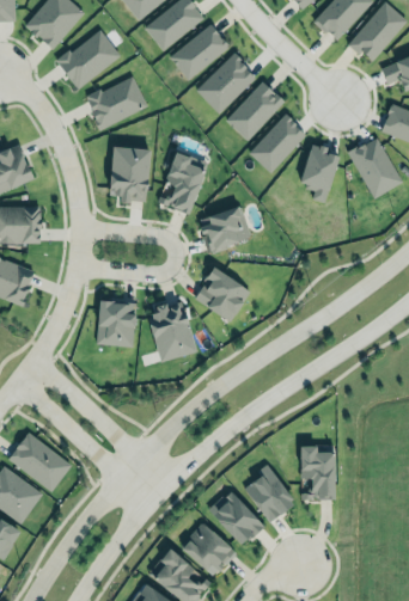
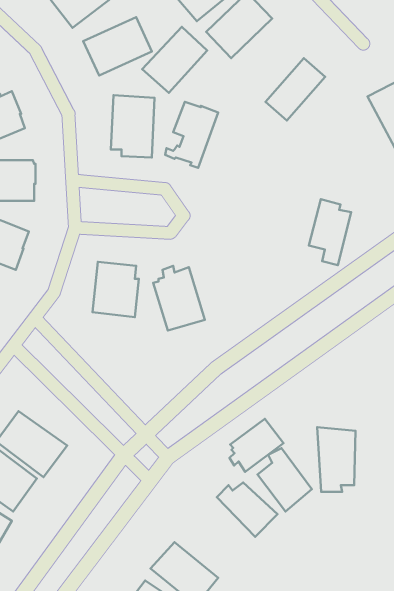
building: [225,80,283,140] -> [142,27,207,93]
building: [301,143,340,203] -> [309,199,351,265]
building: [199,207,252,252] -> none
building: [194,265,250,320] -> none
building: none -> [229,419,284,472]
building: [179,523,233,577] -> none

